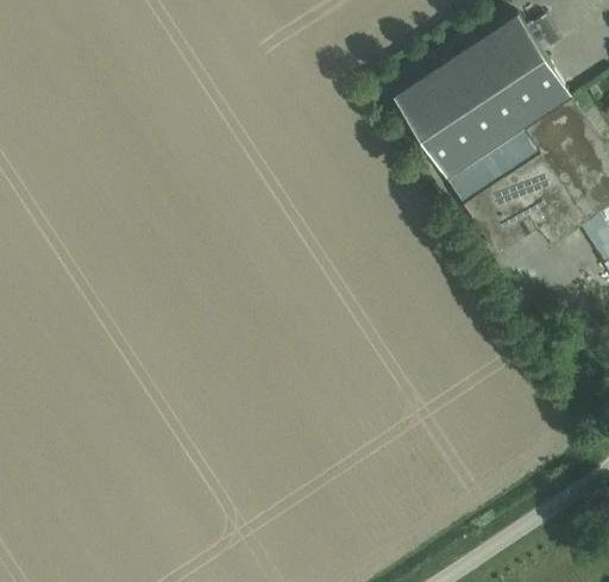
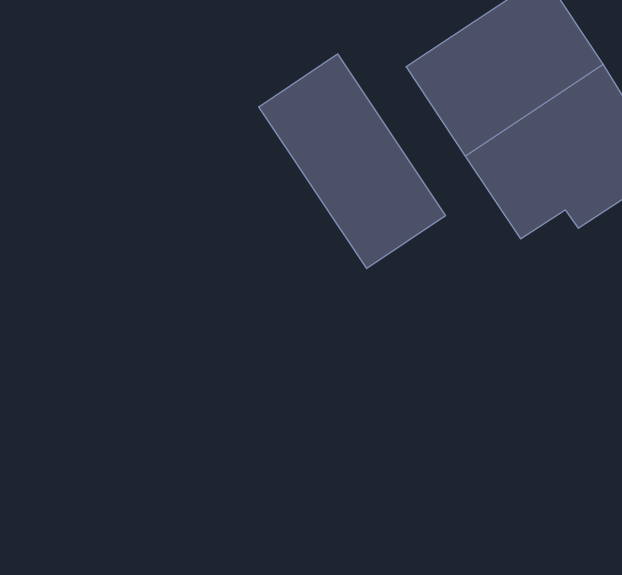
building: none -> [259,54,445,269]

